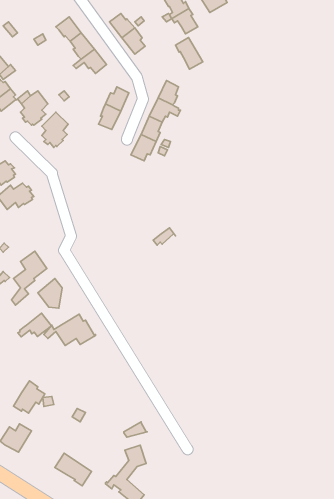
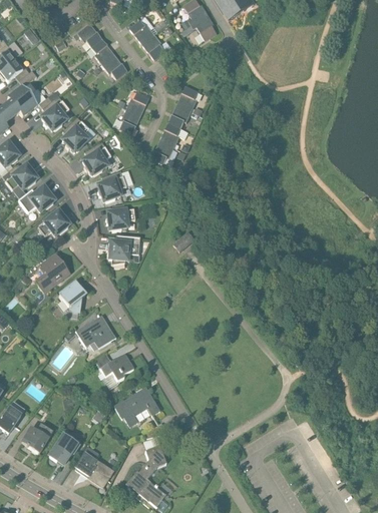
building: [175,38,203,69] -> none
building: none -> [82,140,110,174]
building: none -> [97,169,126,201]
building: none -> [105,203,134,229]
building: none -> [37,210,68,235]
building: none -> [107,234,139,264]
building: [18,313,51,337] -> none
building: none -> [99,353,133,381]
building: [13,381,45,413] -> [48,431,79,463]
building: none -> [114,386,159,426]

